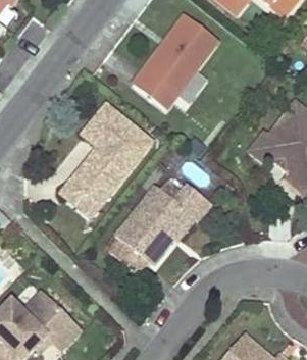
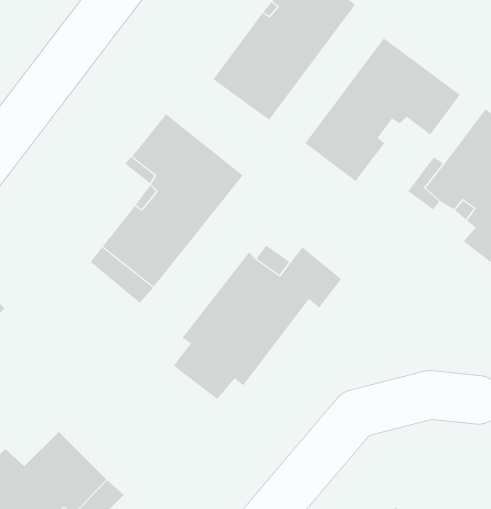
building: none -> [304,37,461,182]

